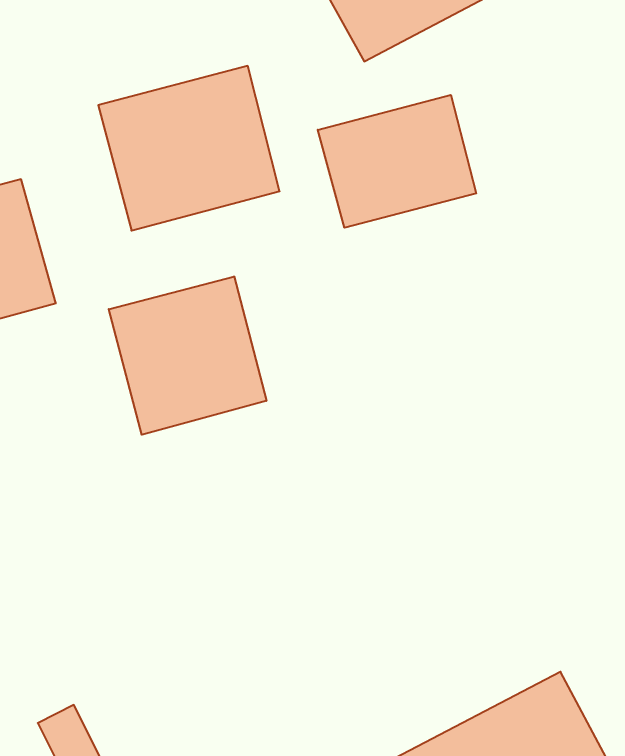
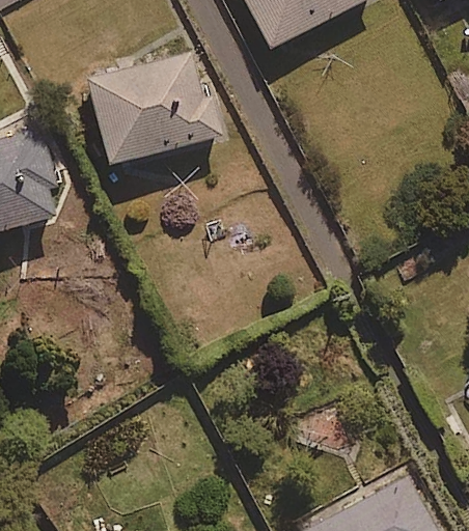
building: [318,95,476,228] -> none
building: [109,276,266,435] -> none

